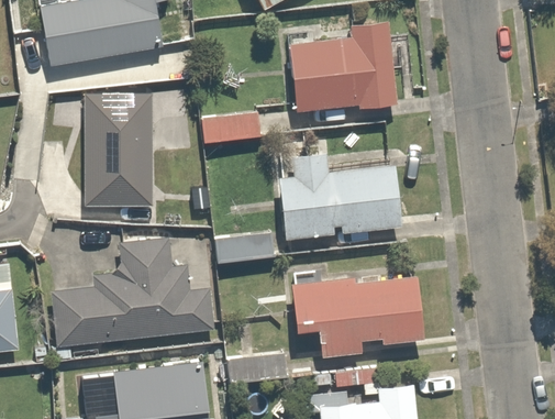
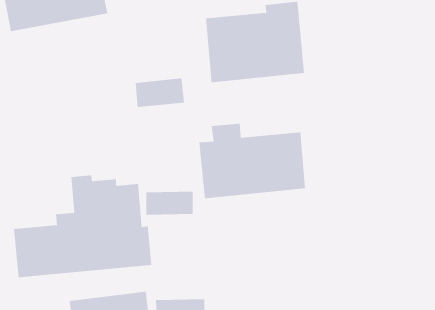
building: [81,82,153,195] -> none
building: [288,280,420,362] -> none

